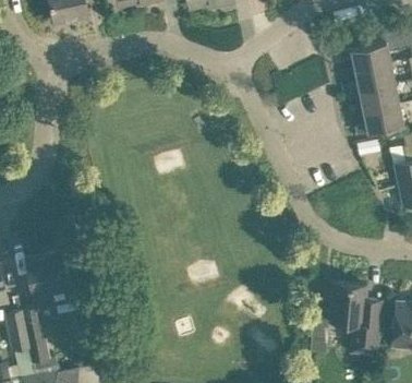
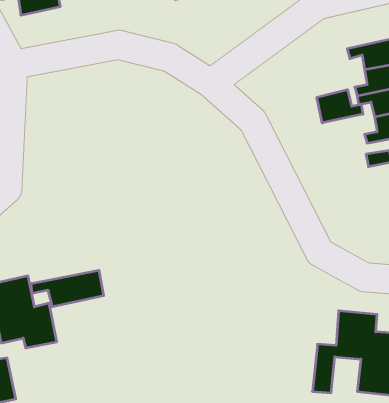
building: none -> [317,90,363,123]
building: none -> [31,270,104,307]

